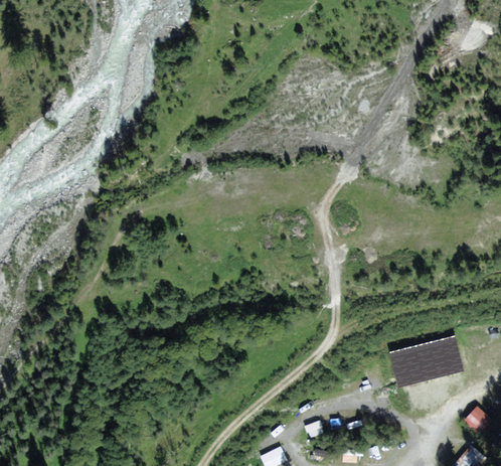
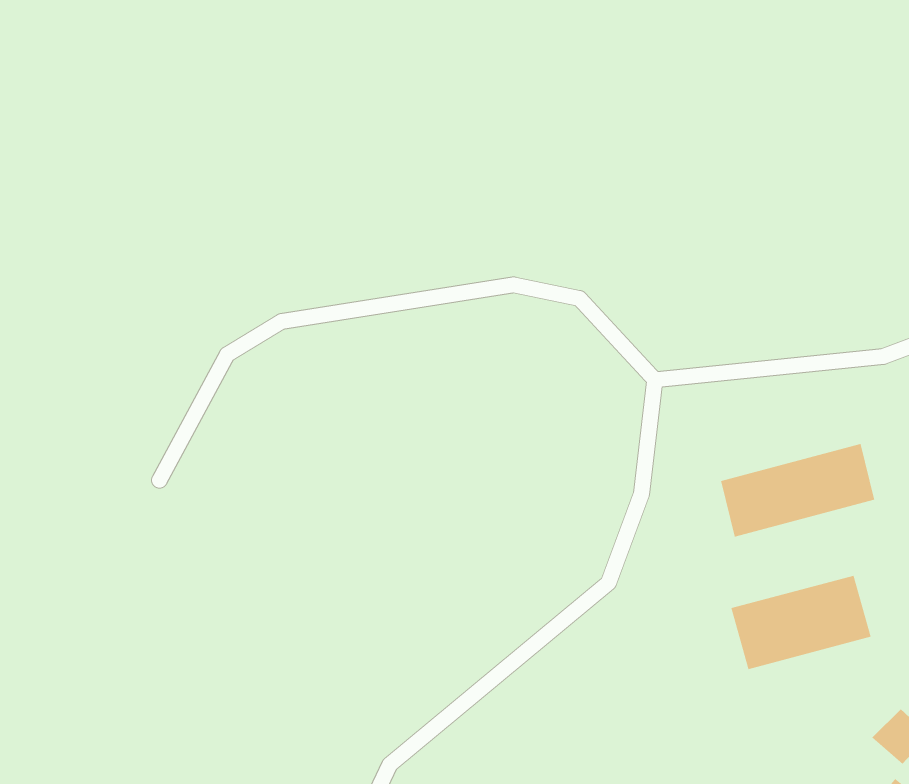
building: none -> [720,443,875,538]

